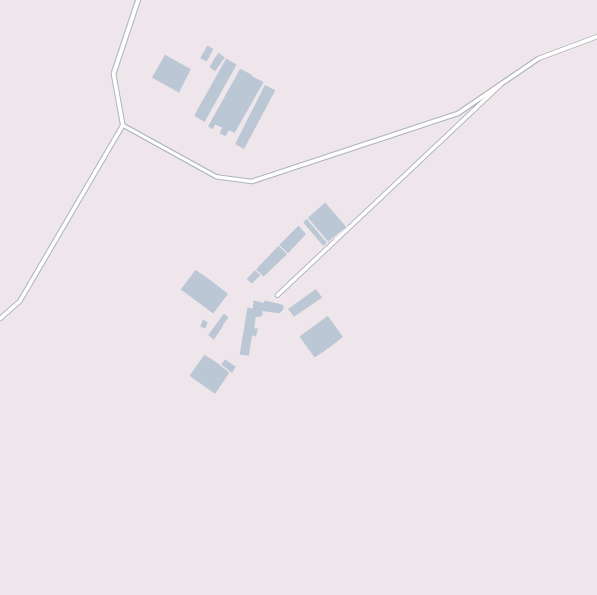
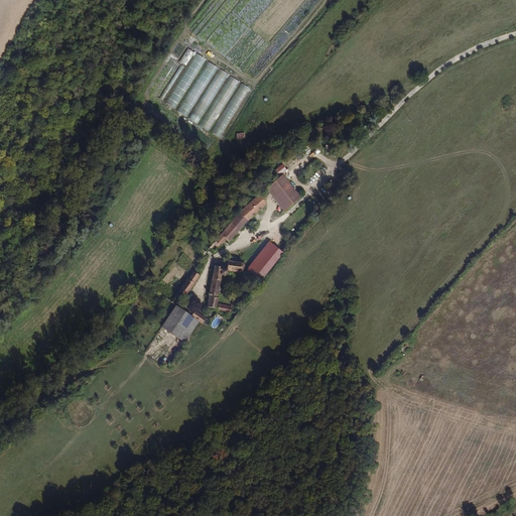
building: [151,54,192,93] -> none
building: [180,269,229,315] -> none
building: [299,315,344,358] -> none

